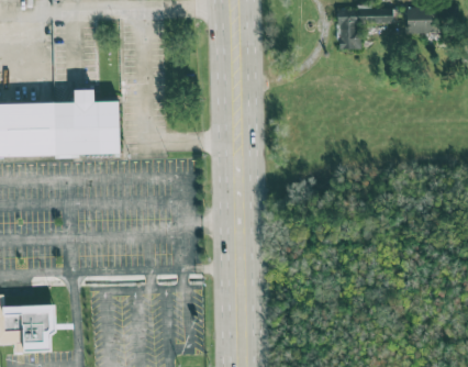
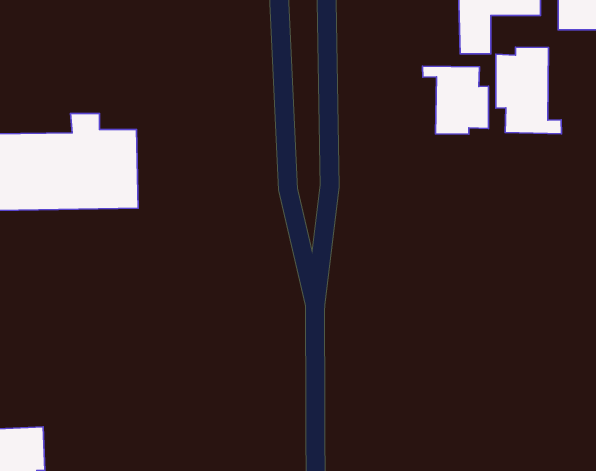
building: none -> [496,47,562,134]
building: none -> [423,66,489,134]

